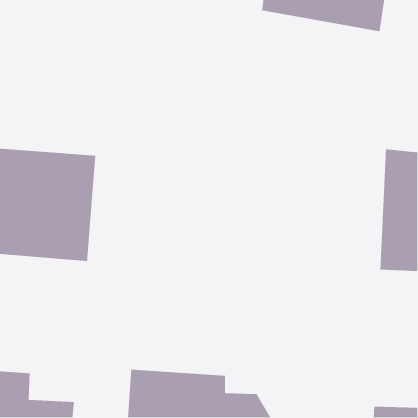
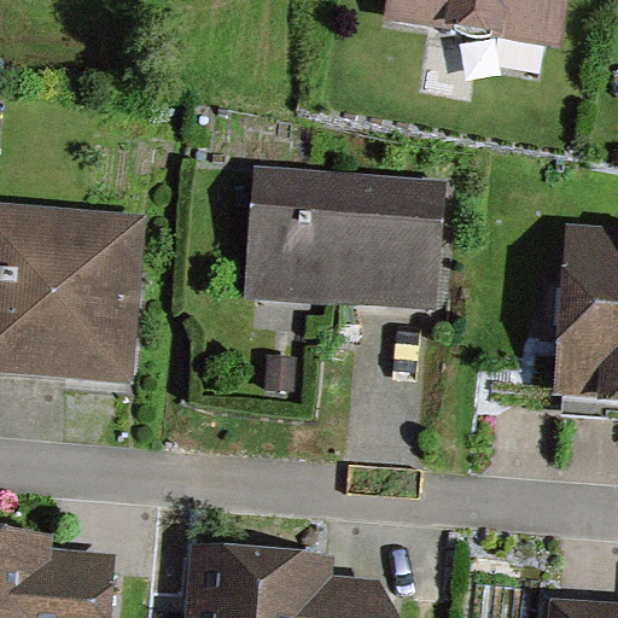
building: none -> [253,176,444,310]

